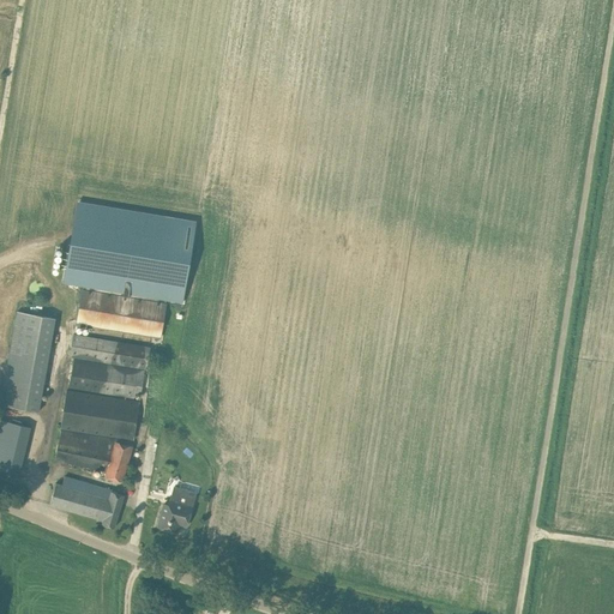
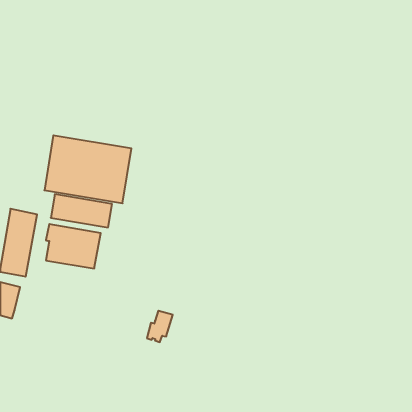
building: [55,391,139,483] -> none
building: [49,476,124,528] -> none
building: [157,486,195,532] -> [147,311,173,342]

